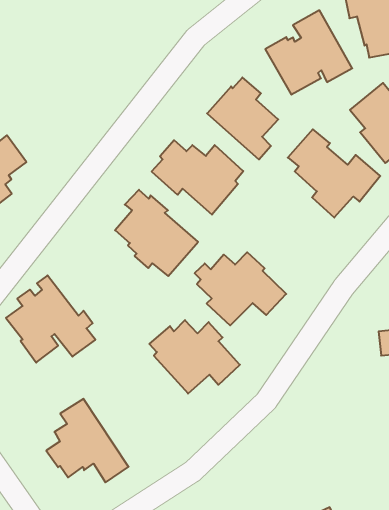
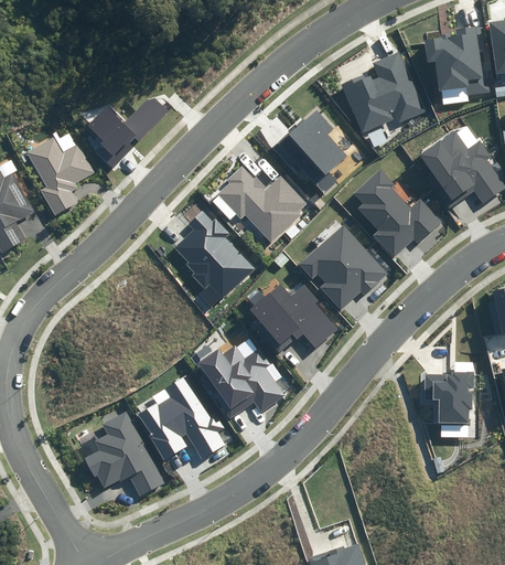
building: none -> [86,98,168,168]
building: none -> [299,225,387,310]
building: [6,275,95,363] -> [138,376,224,461]

